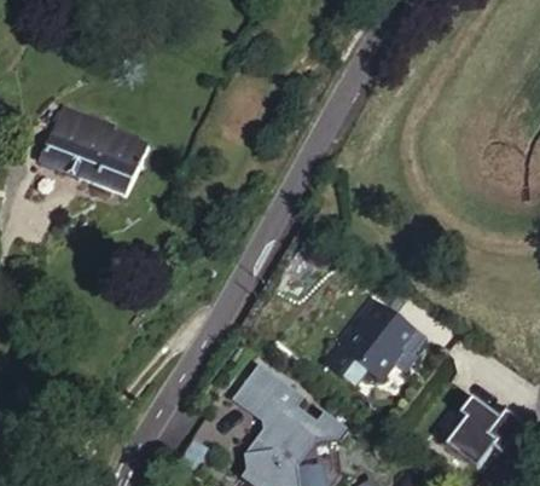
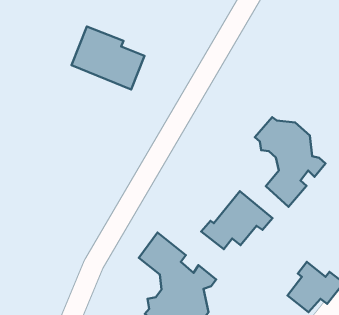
building: [40,103,145,193] -> [72,26,145,89]
building: none -> [255,117,325,207]

